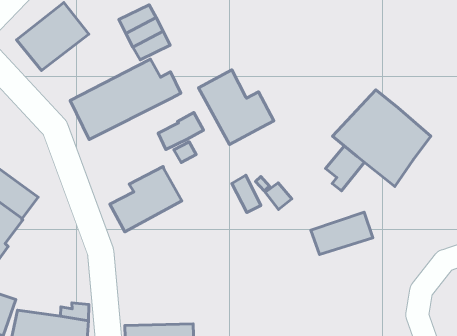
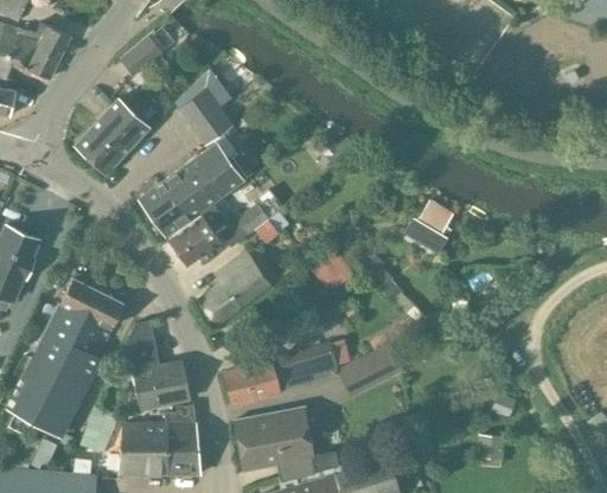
building: [199,70,274,144] -> none
building: [332,90,431,187] -> none
building: none -> [168,206,229,264]
building: [311,212,373,255] -> [337,346,402,397]
building: none -> [123,320,189,410]
building: none -> [222,345,336,405]

